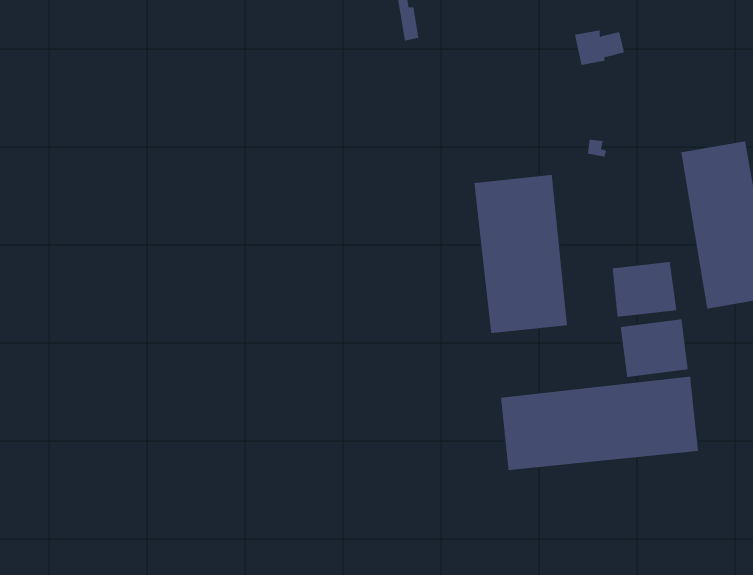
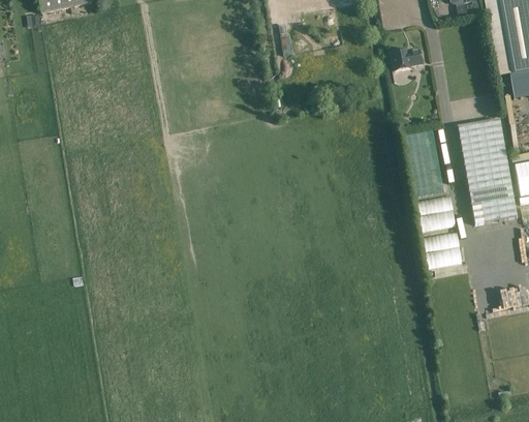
building: [474,174,567,334] -> none
building: [501,376,699,471] -> none

